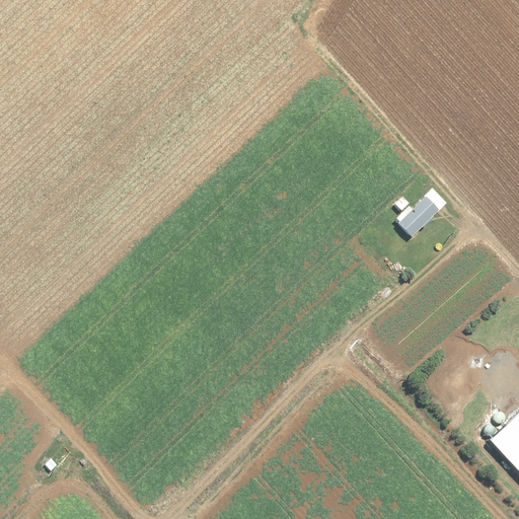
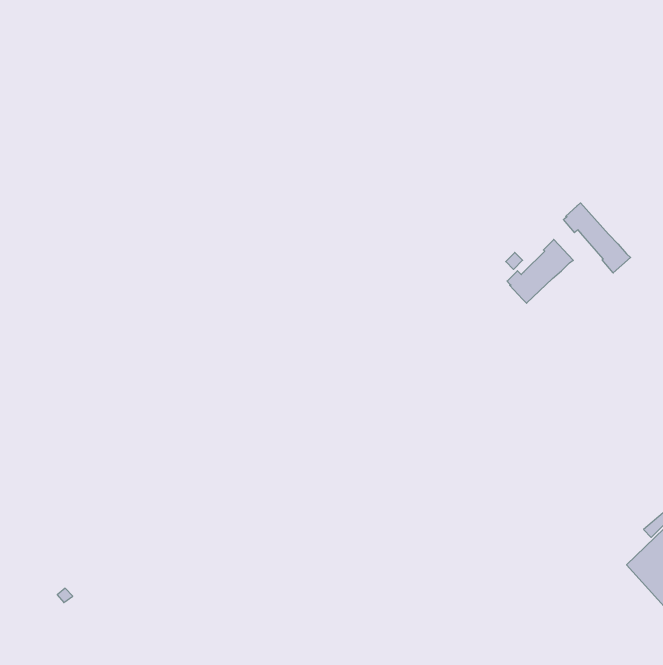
building: none -> [563,203,631,273]

